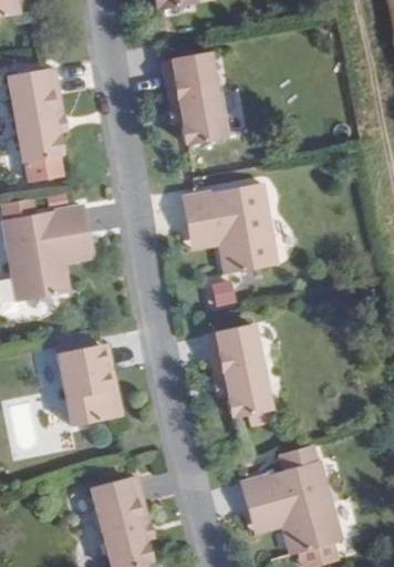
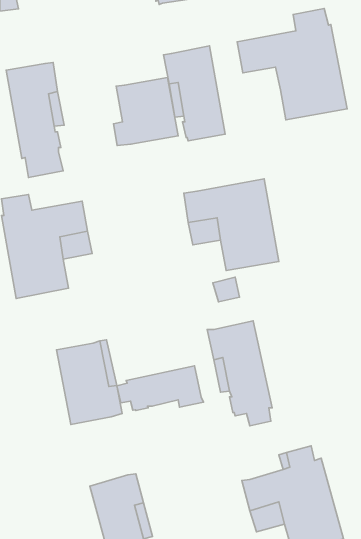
building: none -> [237,8,347,120]
building: none -> [113,77,178,146]
building: none -> [117,366,203,411]

